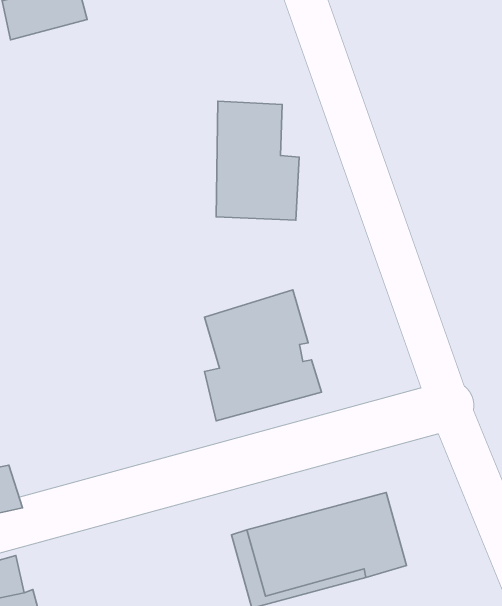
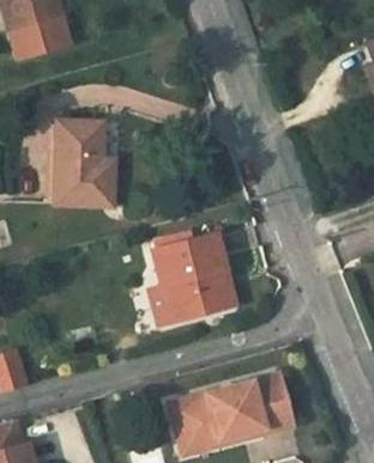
building: [216,101,299,220] -> [56,122,115,206]

